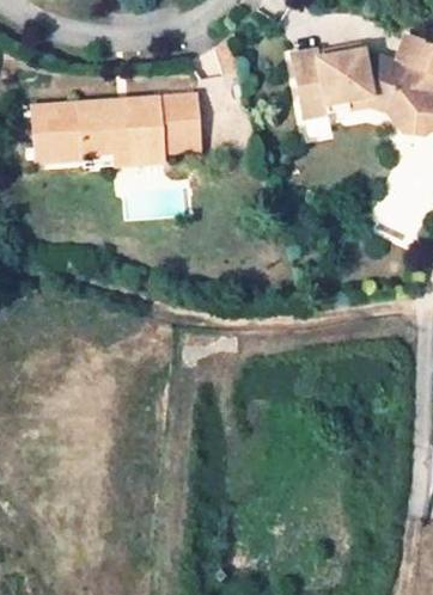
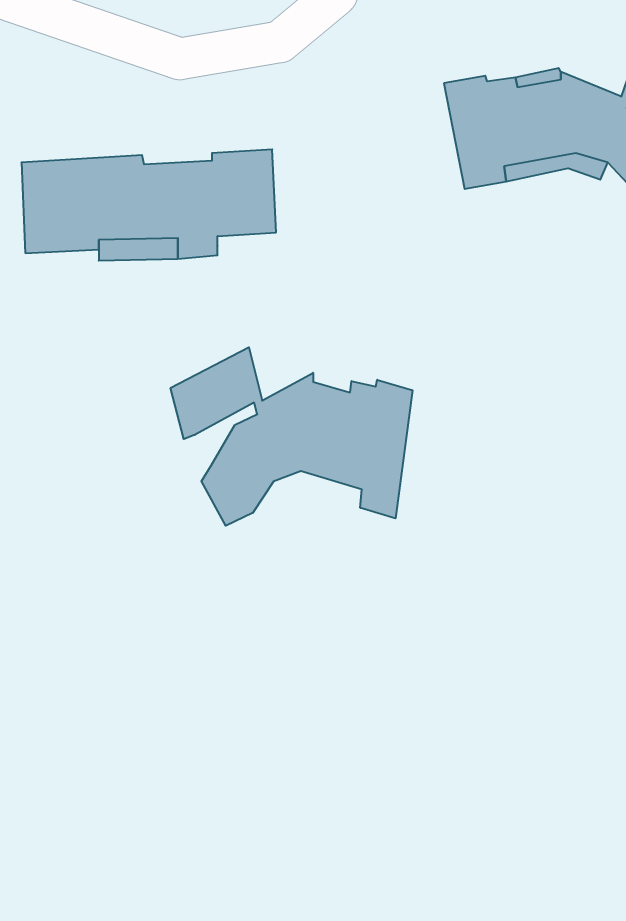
building: none -> [171,347,413,526]

